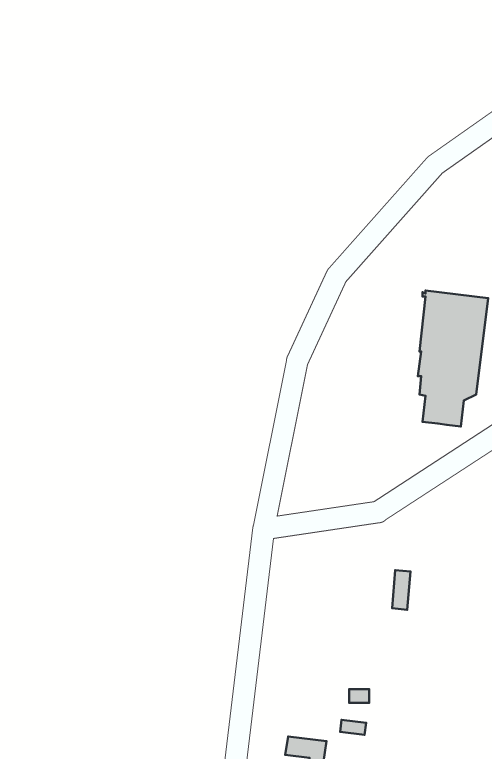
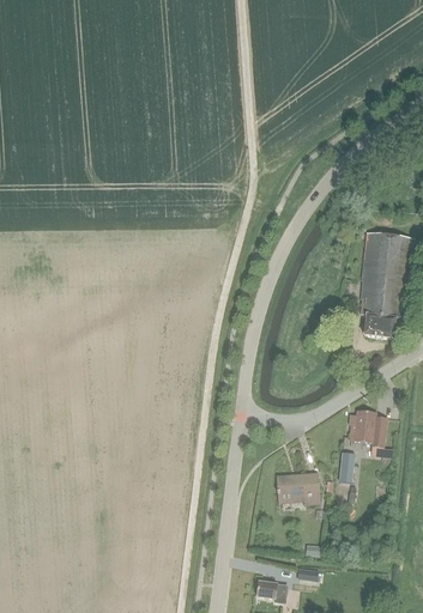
building: none -> [349,411,386,448]
building: none -> [276,472,326,504]

